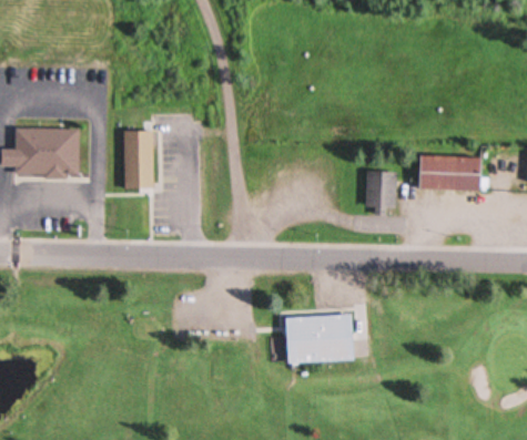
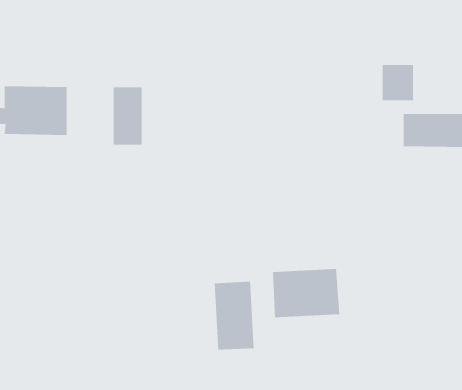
building: [365,171,397,207] -> [382,65,414,101]
building: none -> [214,281,254,351]

